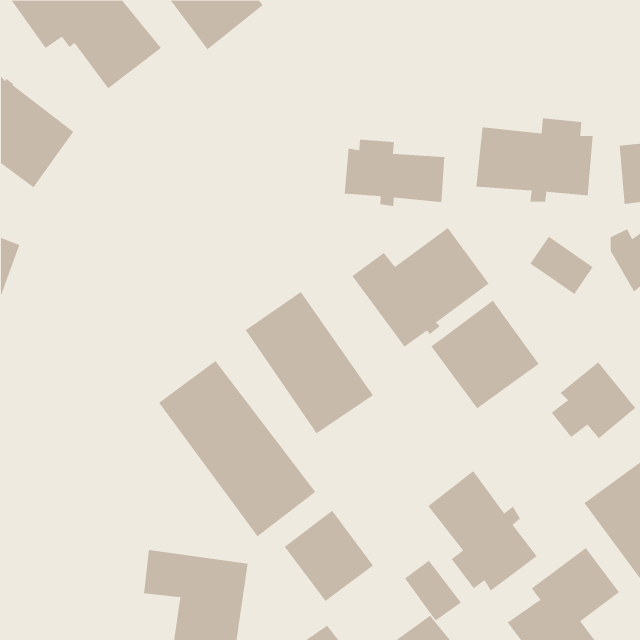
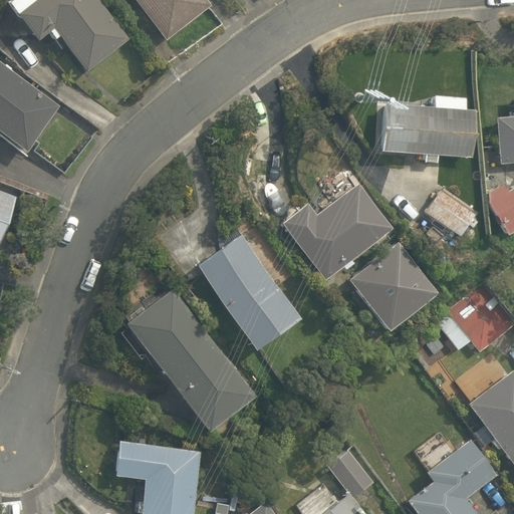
building: [344,139,445,207] -> none
building: [427,470,537,591] -> none
building: [284,510,374,602] -> none

